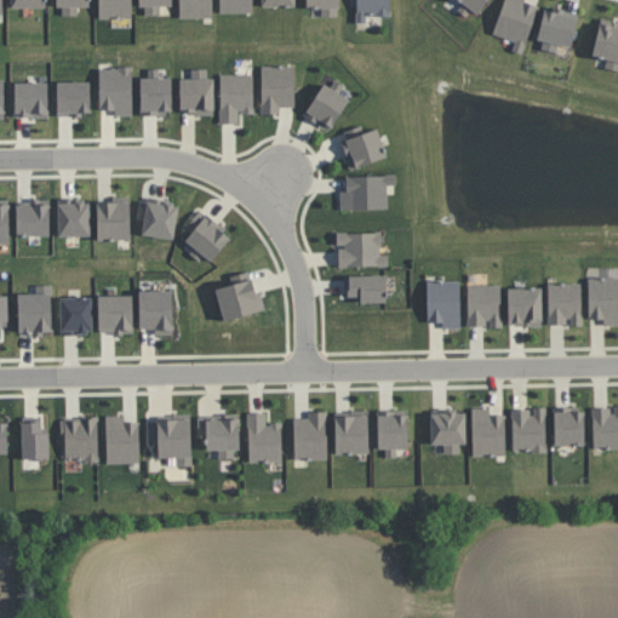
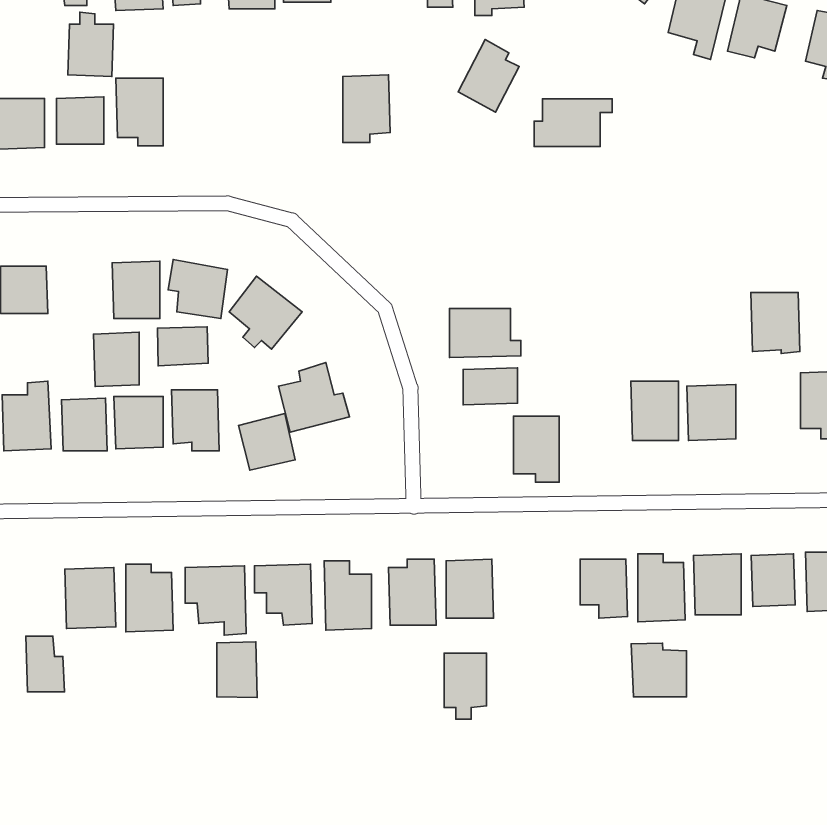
building: [139,69,172,115] -> [68,12,114,77]
building: [179,69,212,114] -> none
building: [219,74,253,125] -> none
building: [304,79,348,131] -> [458,39,519,112]
building: [341,128,387,170] -> none
building: [339,176,395,210] -> [534,99,612,146]
building: [57,199,90,238] -> [94,332,139,387]
building: none -> [157,327,208,366]
building: [427,281,459,328] -> [513,416,559,482]
building: [547,284,582,327] -> [751,292,800,353]
building: none -> [238,413,295,470]
building: [377,411,407,458] -> [444,653,486,719]
building: [21,419,48,459] -> [26,636,65,692]
building: none -> [217,642,257,698]
building: none -> [631,643,686,697]

